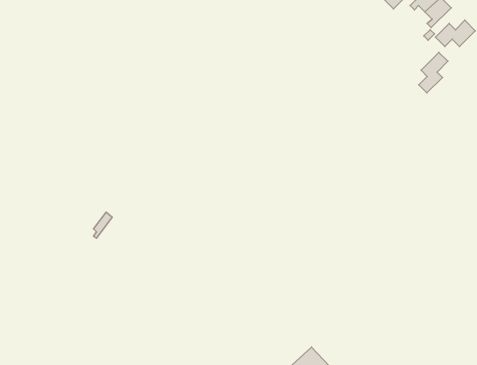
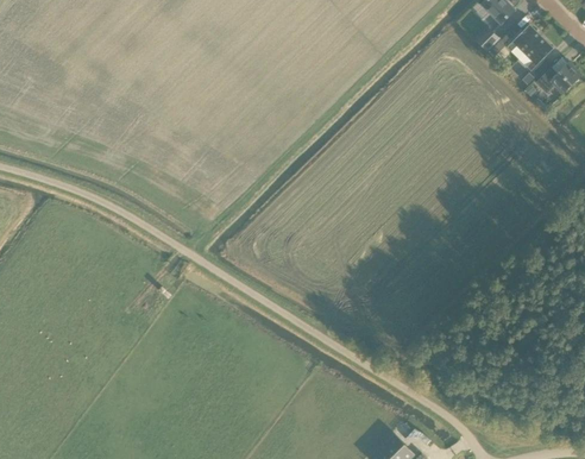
building: [419,52,448,93] -> none

